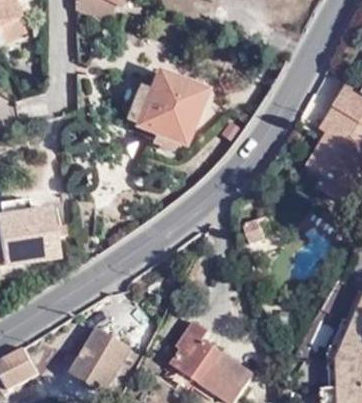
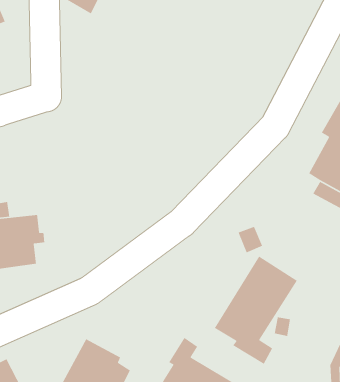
building: [125,75,205,150] -> none
building: none -> [214,256,298,365]

